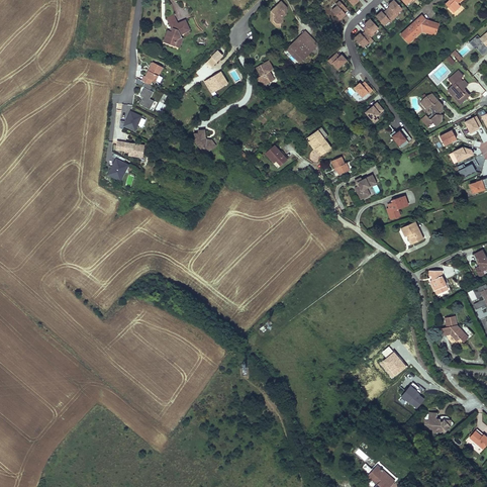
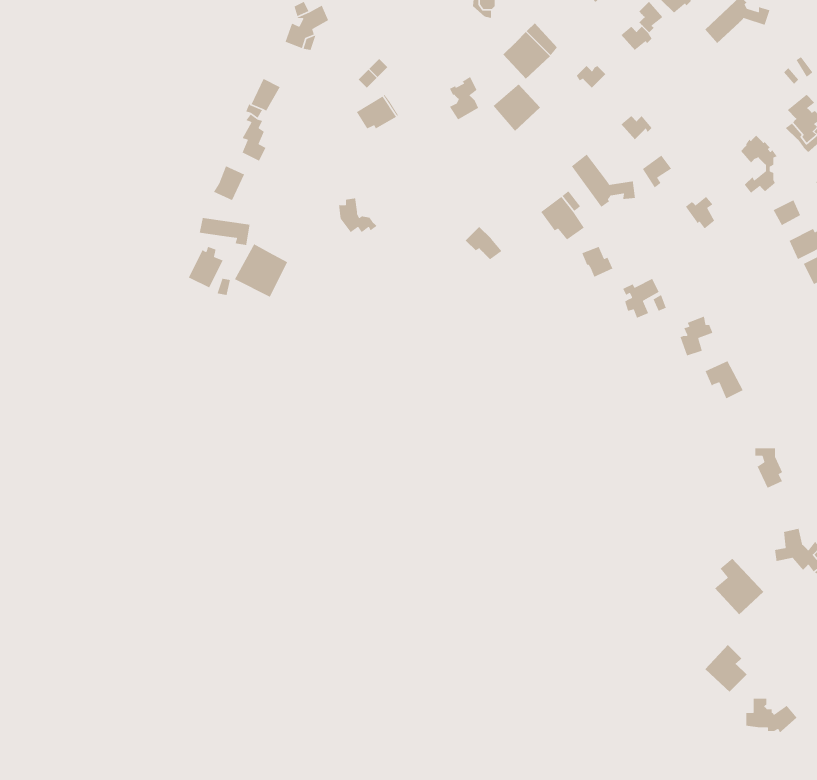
building: none -> [492,83,541,132]
building: none -> [571,153,636,208]
building: none -> [234,243,288,298]
building: [379,347,407,379] -> [714,558,764,615]

